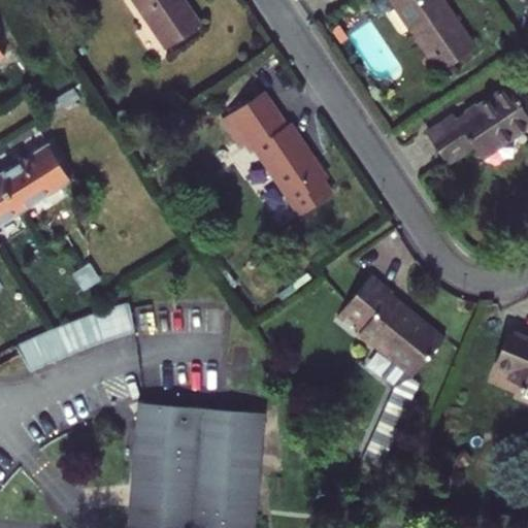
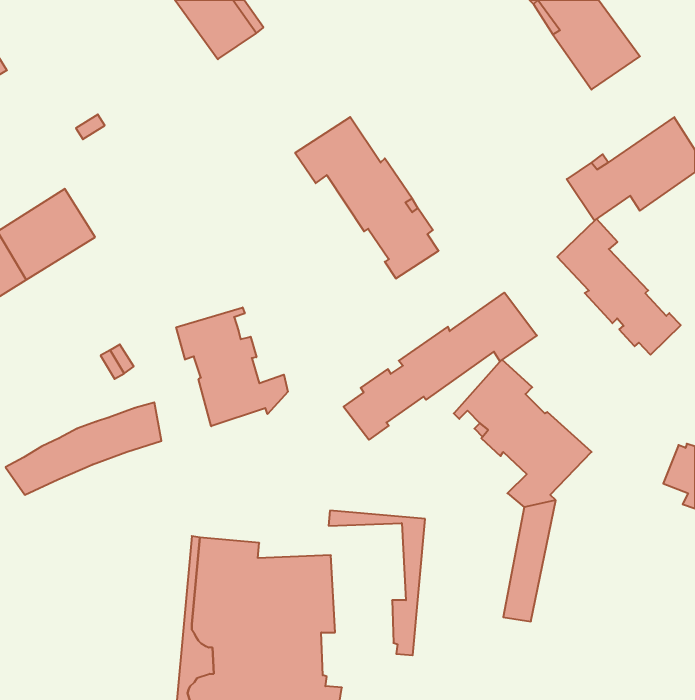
building: none -> [557,219,681,355]
building: none -> [344,293,537,440]
building: none -> [176,307,288,426]
building: [193,409,265,518] -> [329,511,425,655]

